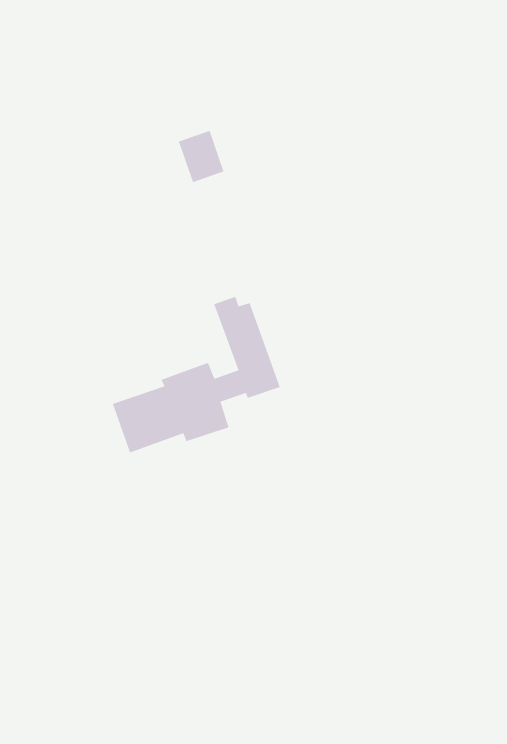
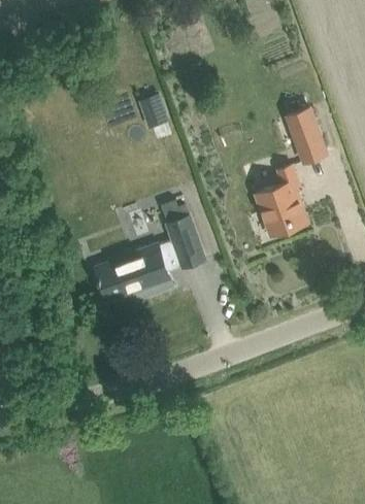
building: none -> [286,108,329,166]
building: none -> [256,168,307,235]

